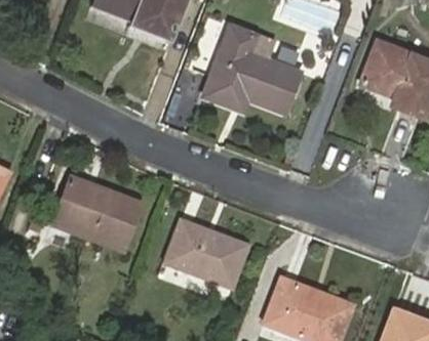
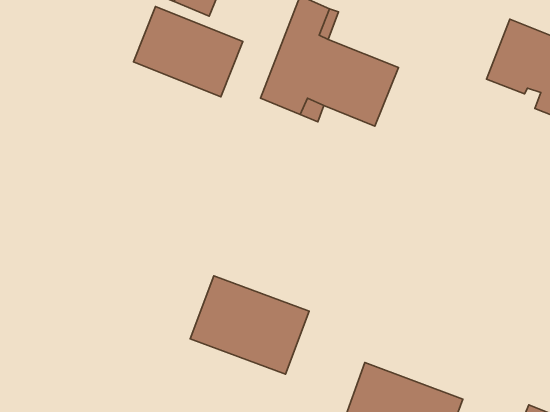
building: none -> [133,7,243,97]
building: [47,176,134,251] -> none

